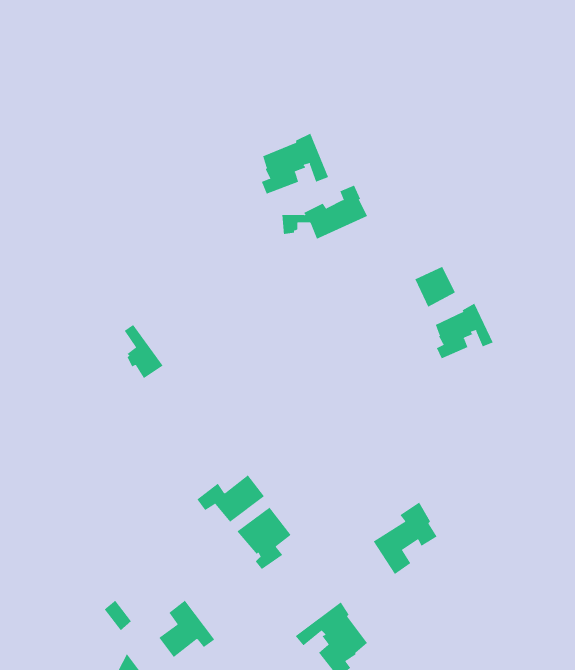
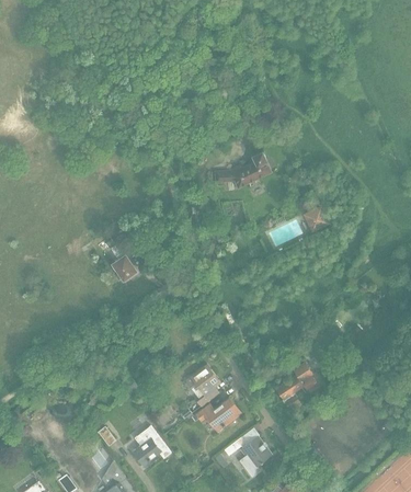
building: [261,133,329,194] -> none
building: [435,303,493,359] -> none
building: [197,474,265,523] -> [195,399,240,431]

